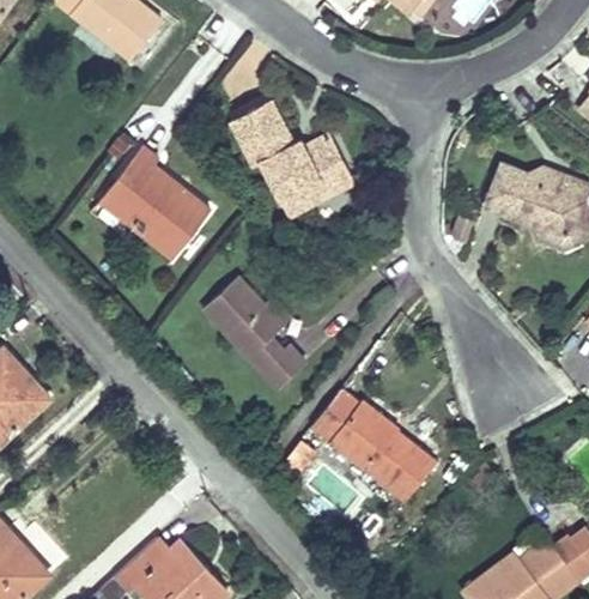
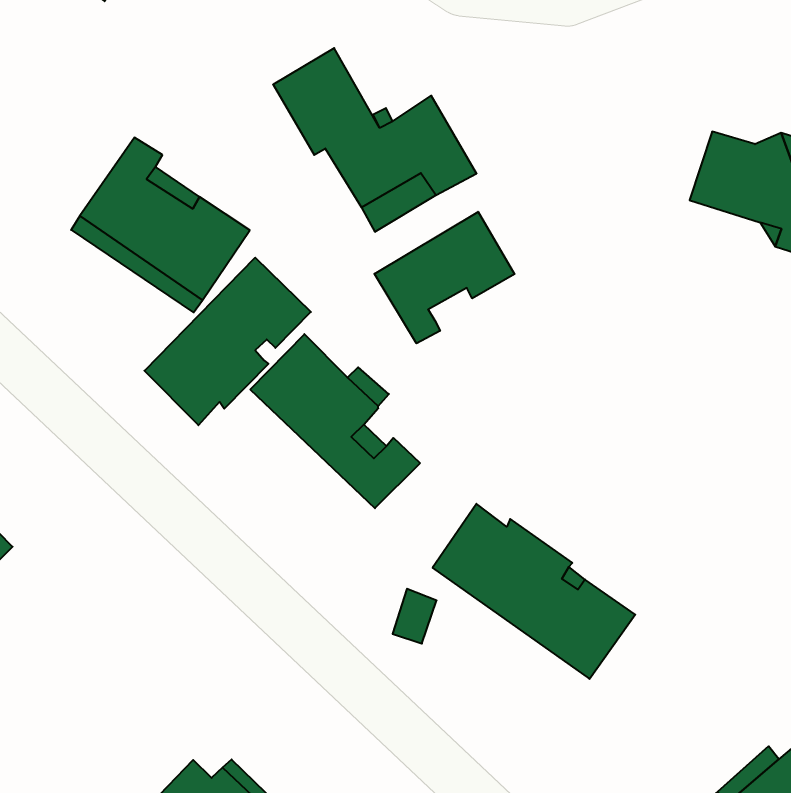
building: none -> [374,212,515,343]
building: none -> [144,258,311,425]

